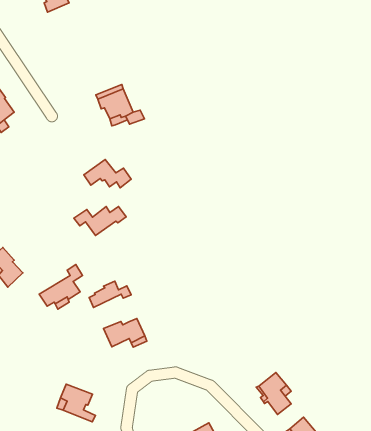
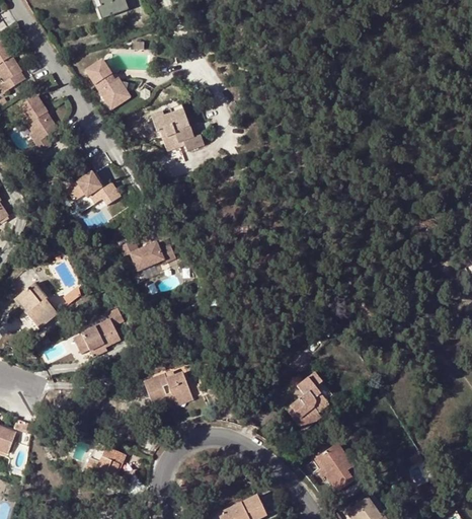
building: none -> [85,59,130,106]
building: [84,159,131,188] -> [66,172,120,206]
building: [89,281,131,307] -> none
building: none -> [286,372,332,431]

